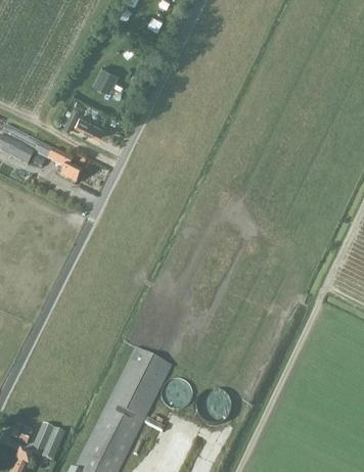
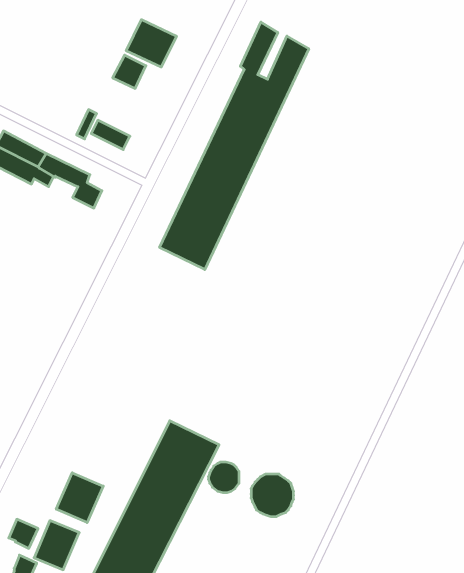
building: none -> [126,20,176,67]
building: none -> [160,22,309,270]
building: none -> [56,473,103,523]

